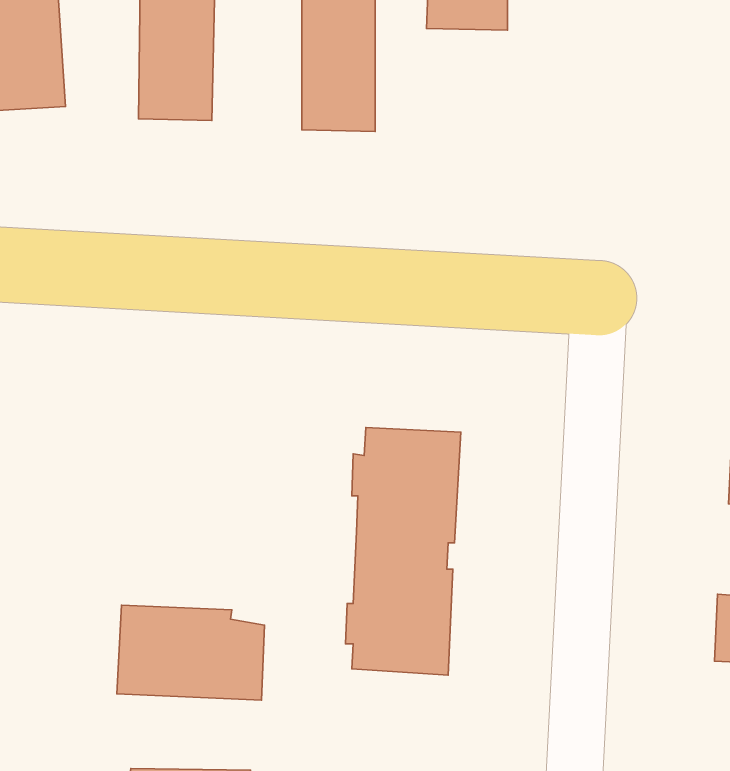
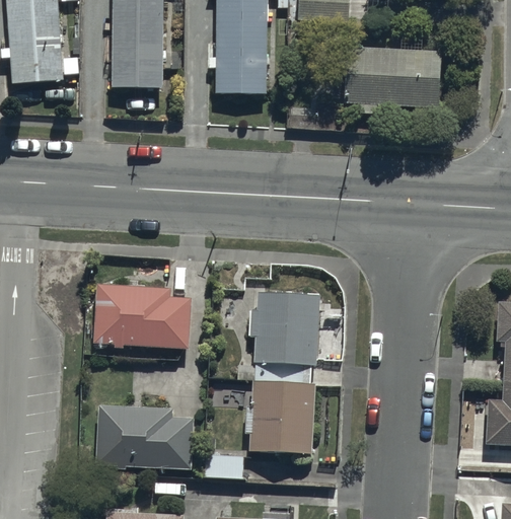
building: none -> [342,49,441,106]
building: none -> [92,282,191,348]

